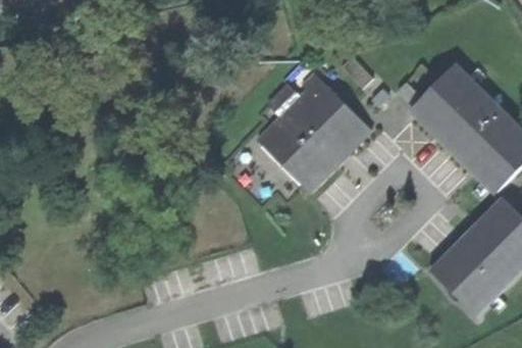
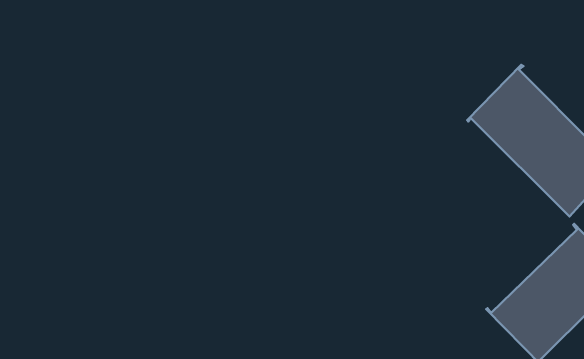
building: [263,71,370,191] -> none

